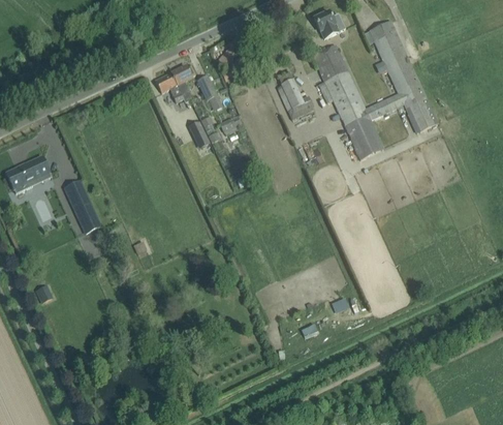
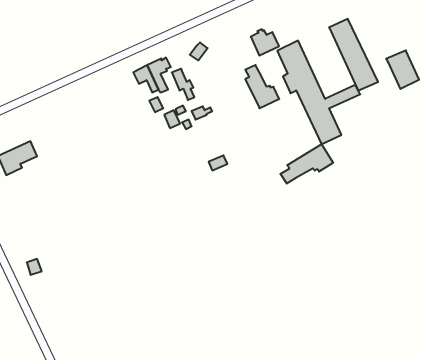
building: [313,10,344,39] -> [251,29,279,56]
building: [401,91,437,133] -> [386,50,419,89]
building: none -> [280,144,333,184]
building: [64,181,100,234] -> none

